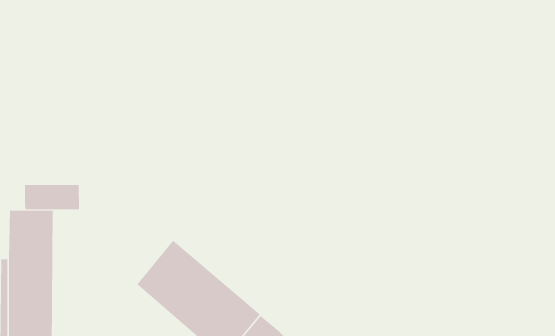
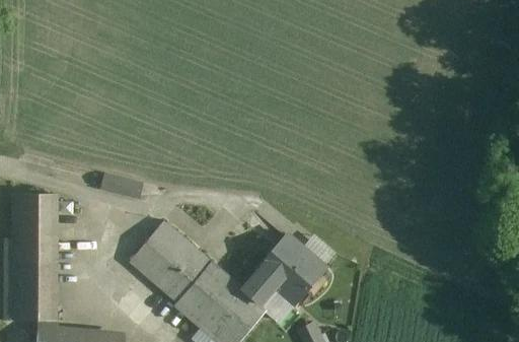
building: [24,184,80,210] -> none
building: none -> [244,234,326,304]

